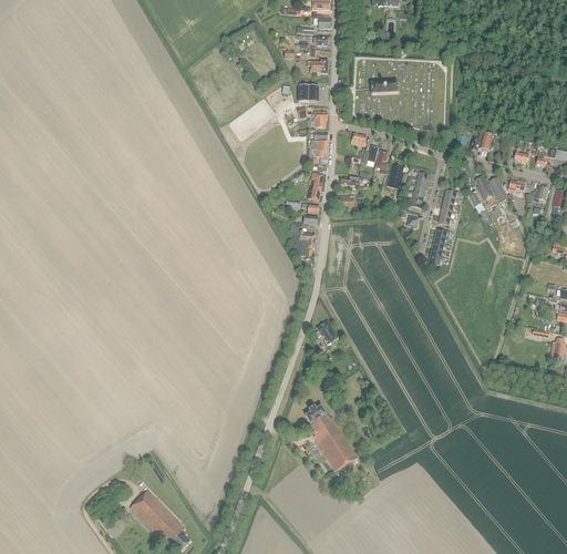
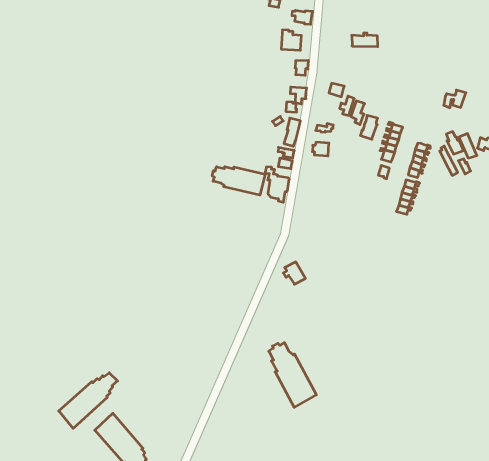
building: none -> [212,167,265,195]
building: none -> [59,373,118,428]

